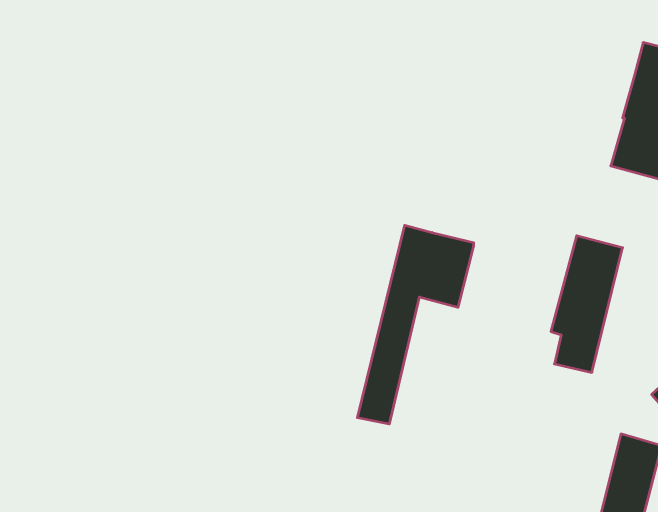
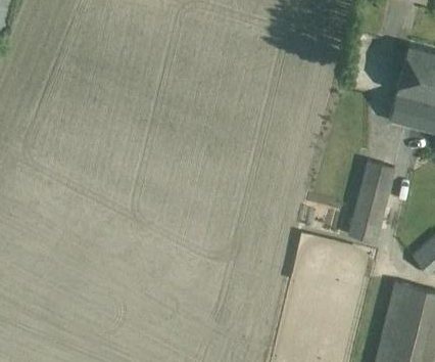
building: [357,225,474,424] -> none

